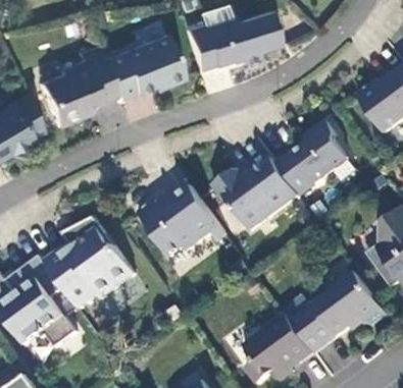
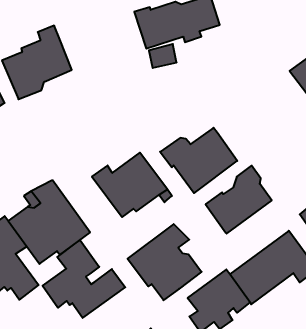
building: [99,34,180,98] -> none
building: [273,119,347,195] -> [206,166,272,234]
building: none -> [128,224,202,300]
building: none -> [43,240,125,318]

